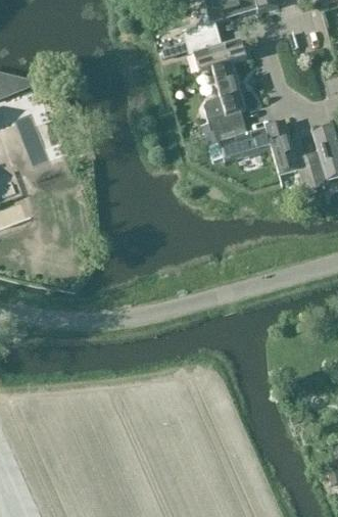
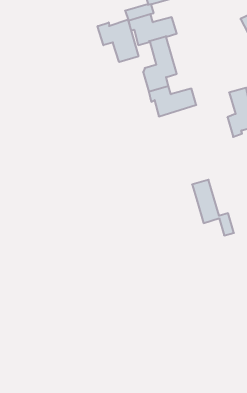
building: none -> [98,20,138,62]
building: [264,120,317,189] -> [192,180,234,235]

